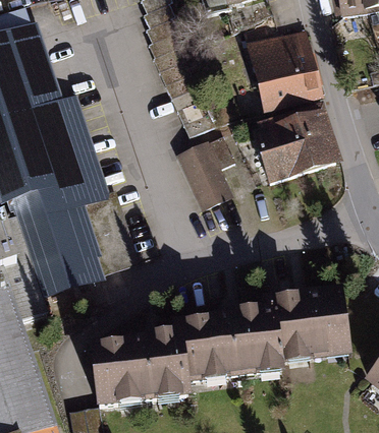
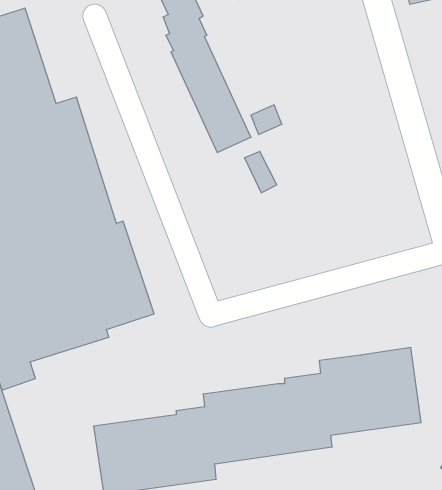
building: [248,27,325,112] -> none
building: [253,103,340,182] -> none
building: [176,140,233,209] -> none

